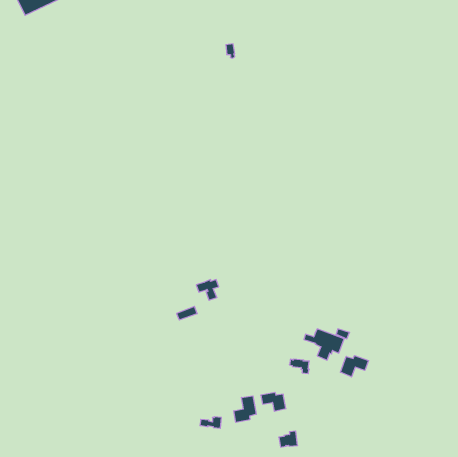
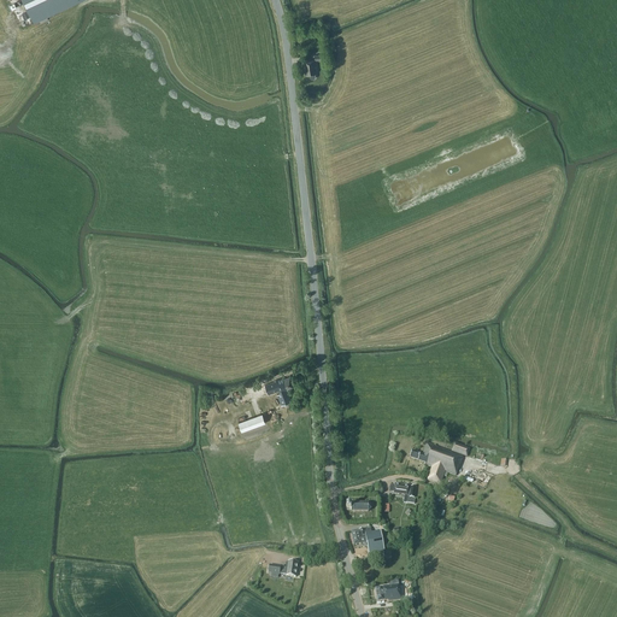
building: [340,356,368,377] -> none
building: [234,396,256,422] -> none

